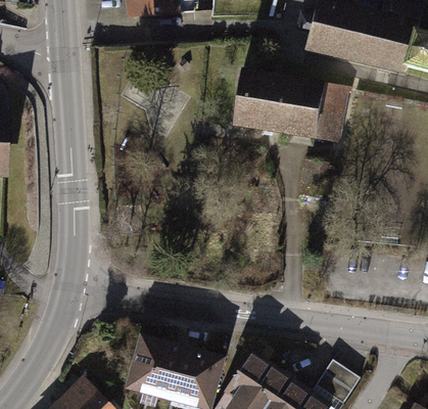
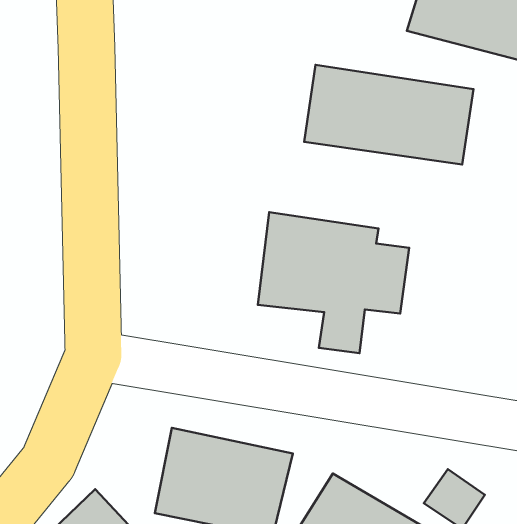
building: none -> [258,212,409,353]

